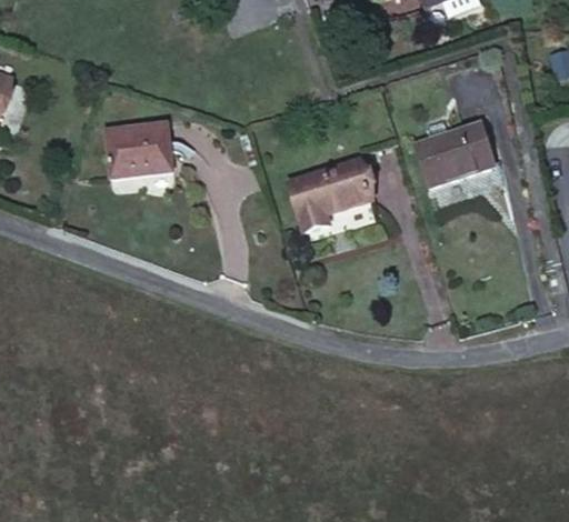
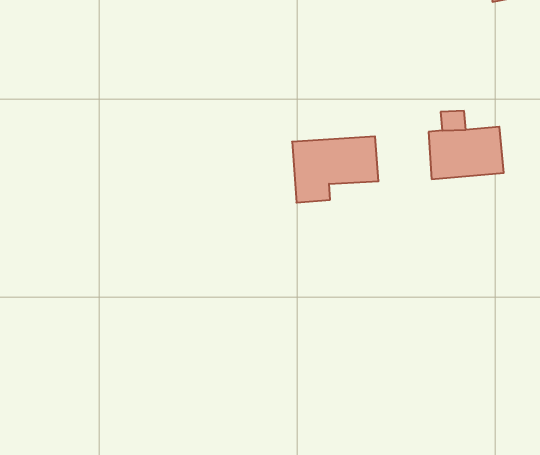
building: [107,128,172,177] -> none

